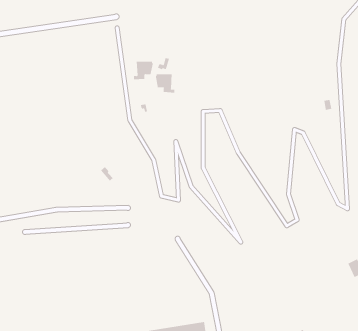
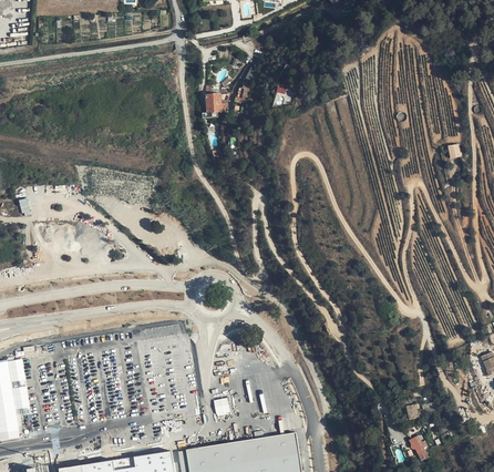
building: [155,73,175,94] -> none

